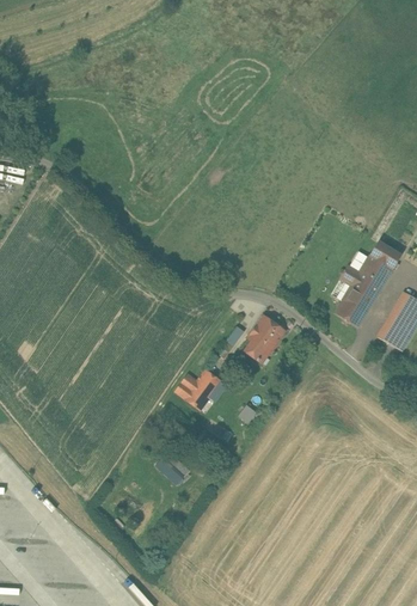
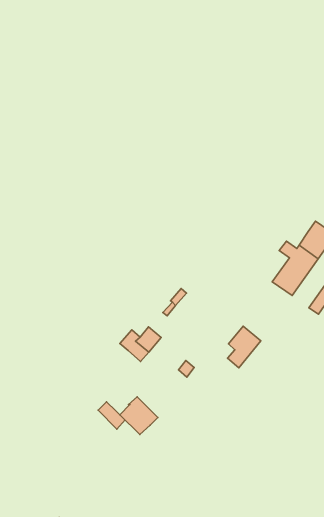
building: [249,316,283,361] -> [228,326,261,368]
building: none -> [120,397,158,434]

